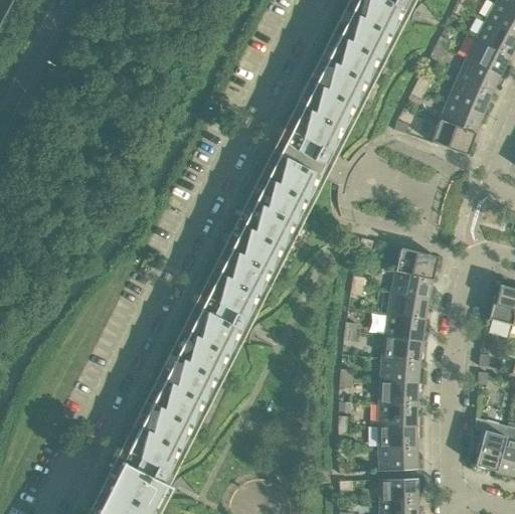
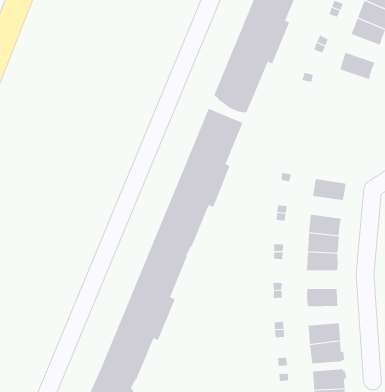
building: [447,78,490,115] -> none
building: [431,120,474,155] -> none
building: [390,269,432,298] -> none
building: [379,357,418,381] -> none
building: [377,400,415,422] -> none

